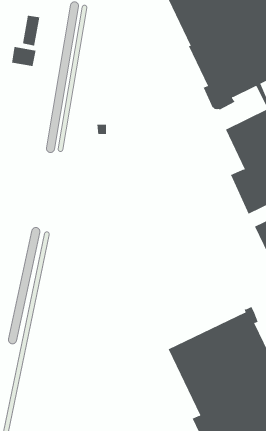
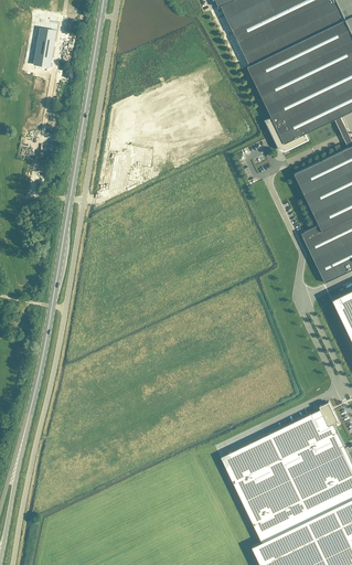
building: [11,46,36,67] -> none

